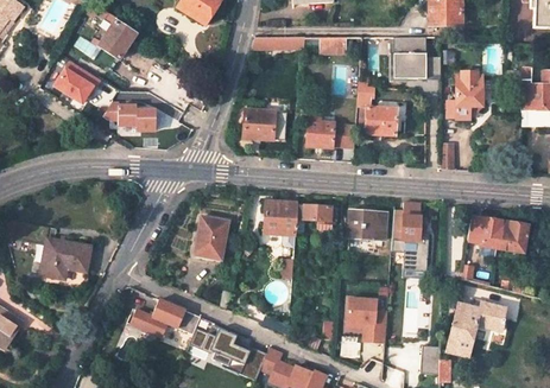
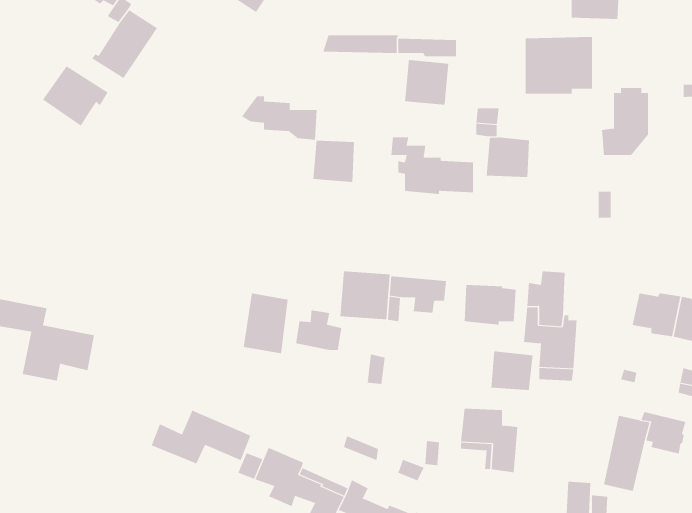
building: none -> [405,59,449,106]
building: [102,100,156,131] -> [241,96,318,140]
building: none -> [296,310,342,351]
building: none -> [491,350,533,391]

